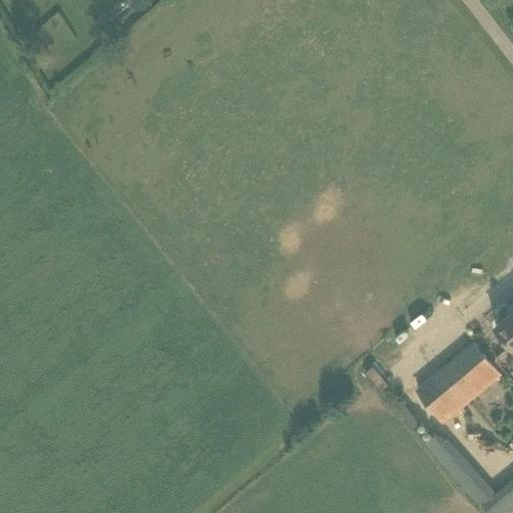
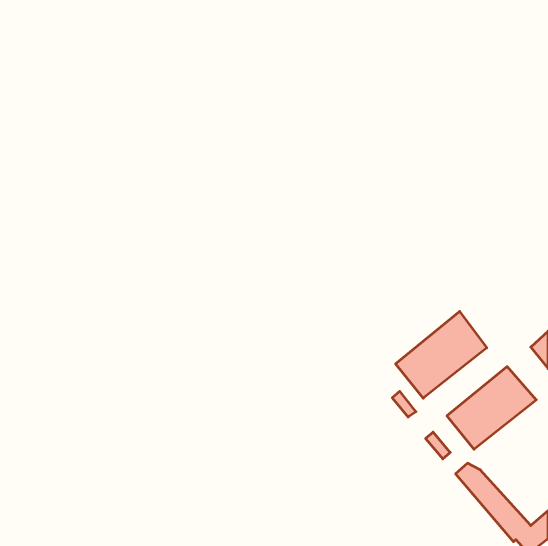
building: none -> [396,311,487,398]

